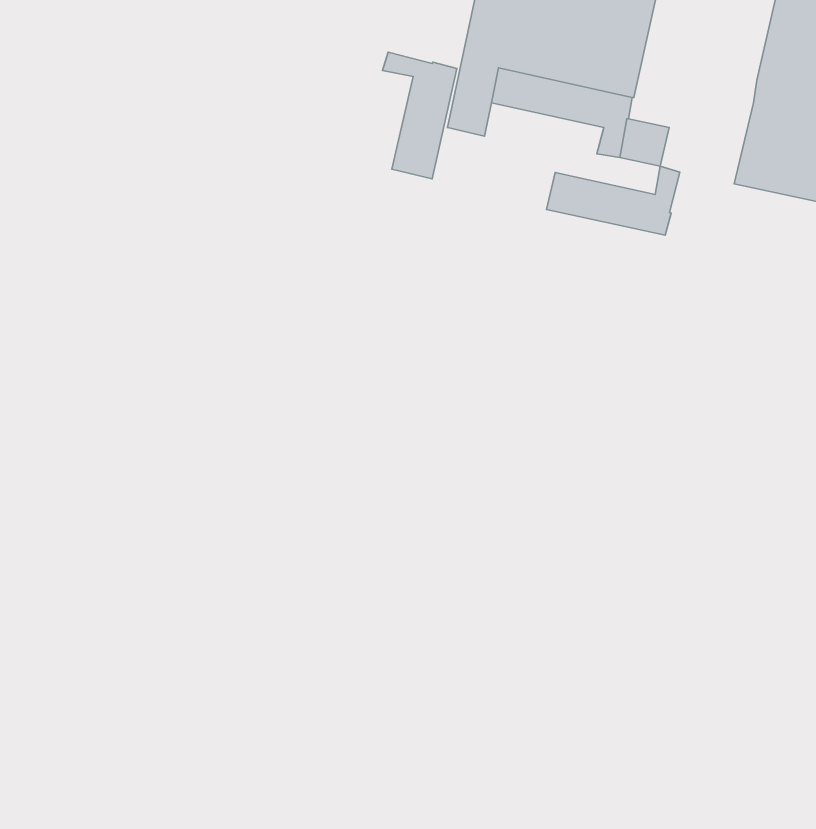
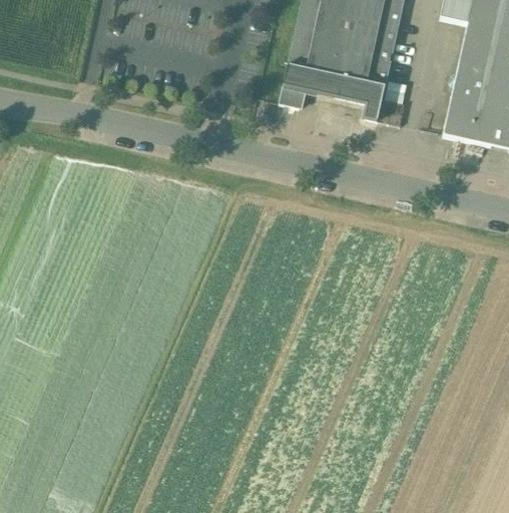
building: [382,52,457,179] -> none
building: [547,166,680,235] -> none

